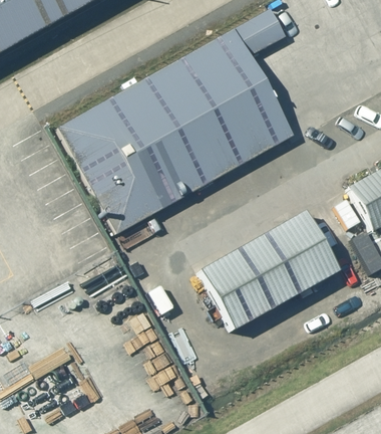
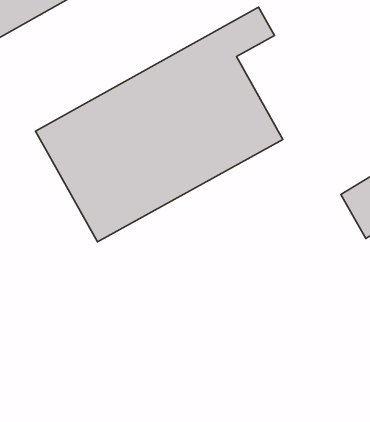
building: [202,211,339,329] -> none

